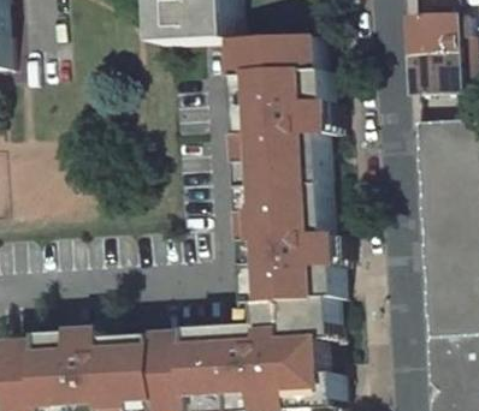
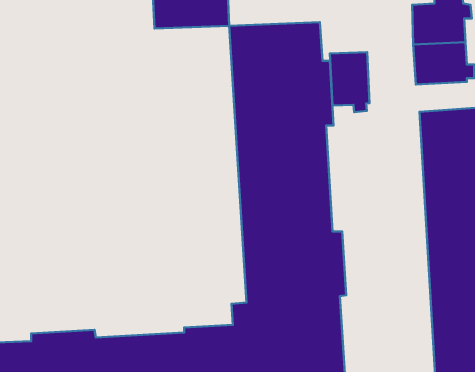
building: none -> [330,52,370,112]

